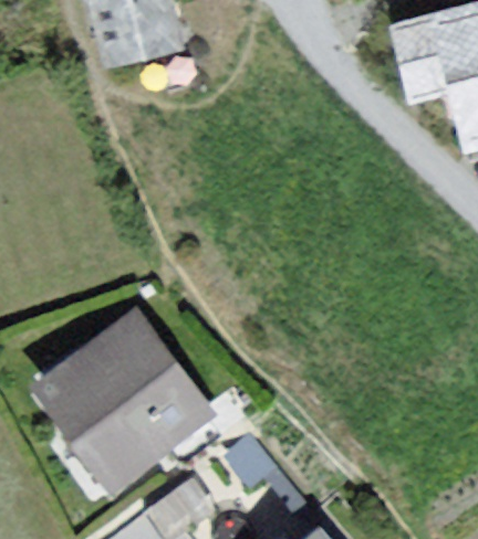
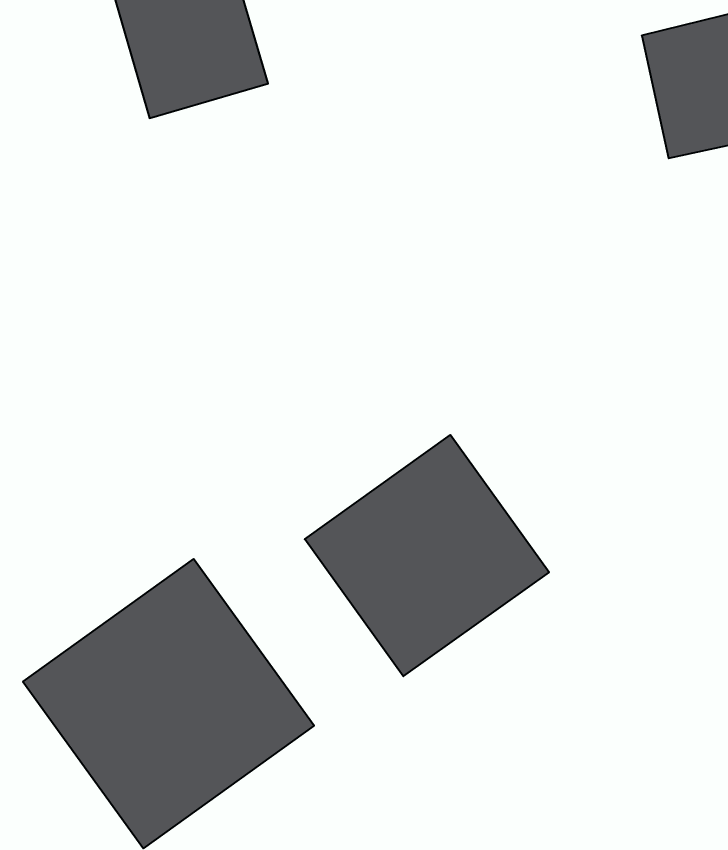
building: none -> [305,435,549,676]

